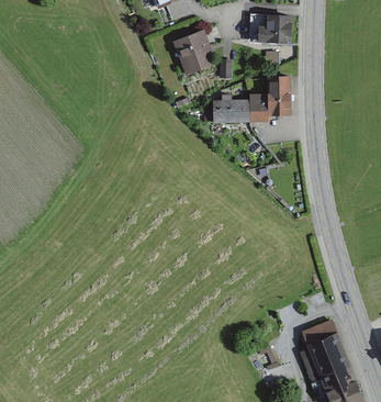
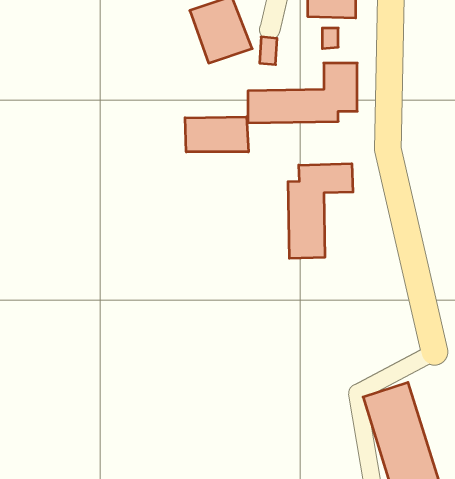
building: none -> [185,117,248,152]
building: none -> [288,164,353,258]

